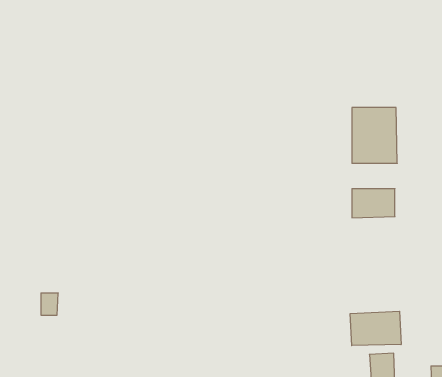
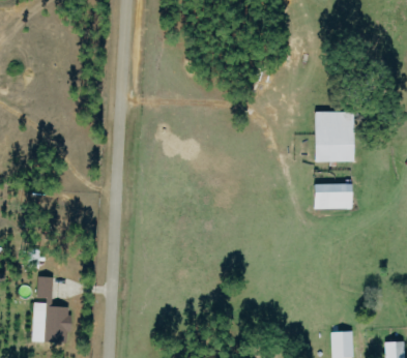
building: [350,311,401,346] -> none
building: none -> [32,304,70,342]

